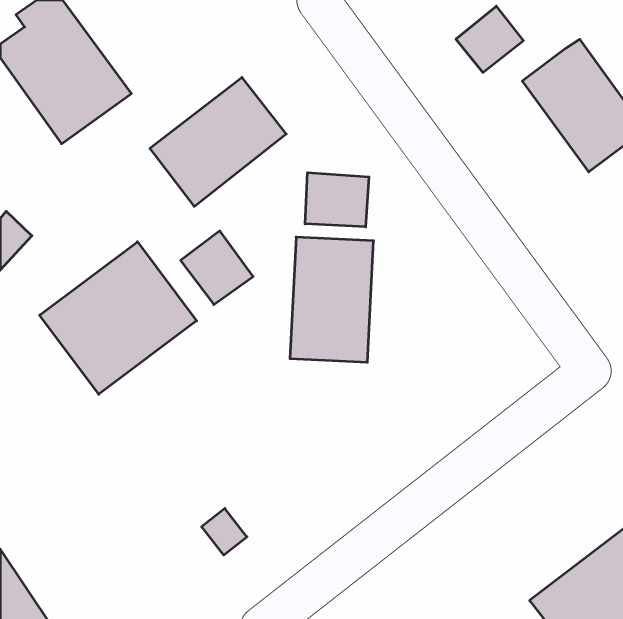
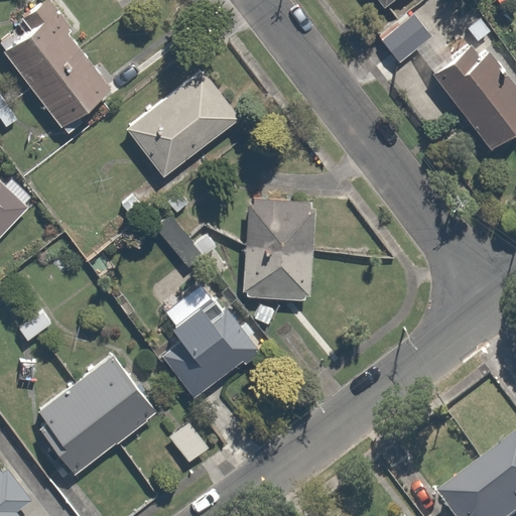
building: [305,173,369,227] -> none
building: [40,242,197,394] -> none
building: none -> [160,278,265,403]
building: none -> [31,352,155,474]

